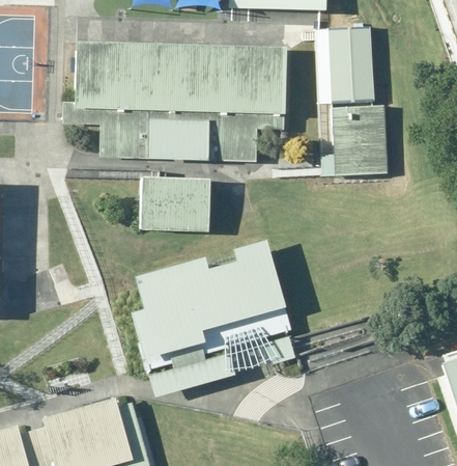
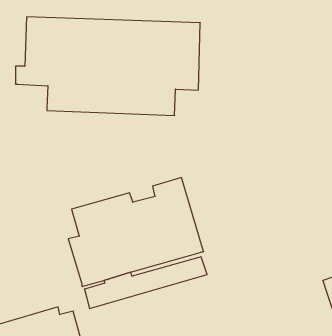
building: [332,26,375,97] -> none
building: [319,105,385,175] -> none
building: [140,176,210,234] -> none

